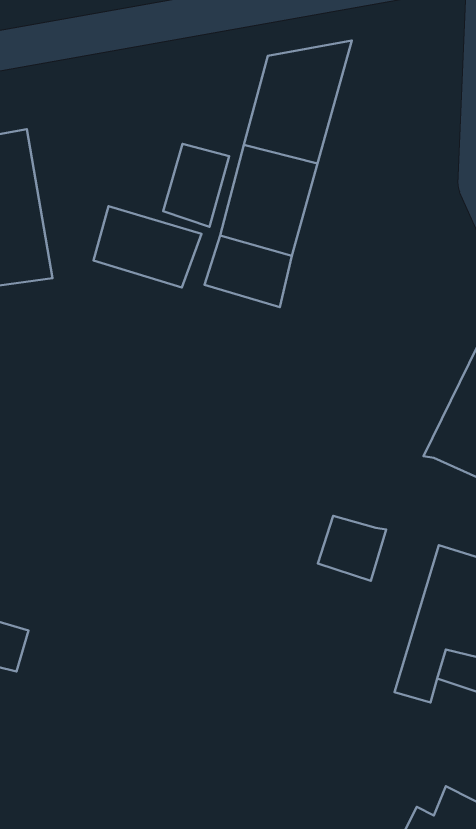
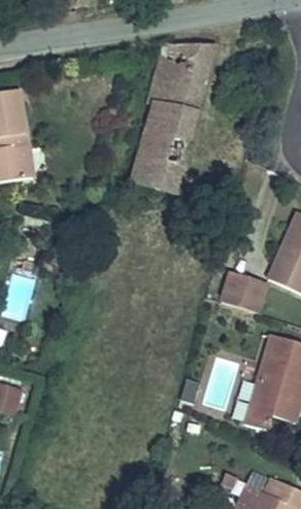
building: [163,144,229,227] -> none
building: [93,206,202,288] -> none
building: [318,516,386,581] -> [227,274,268,313]

